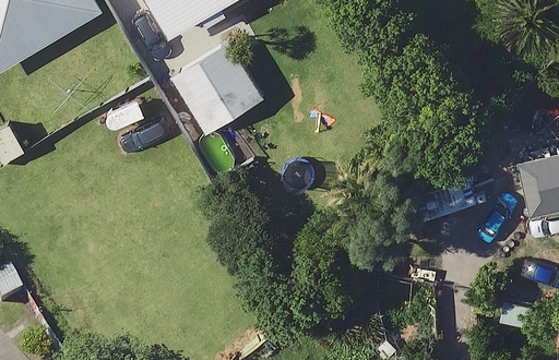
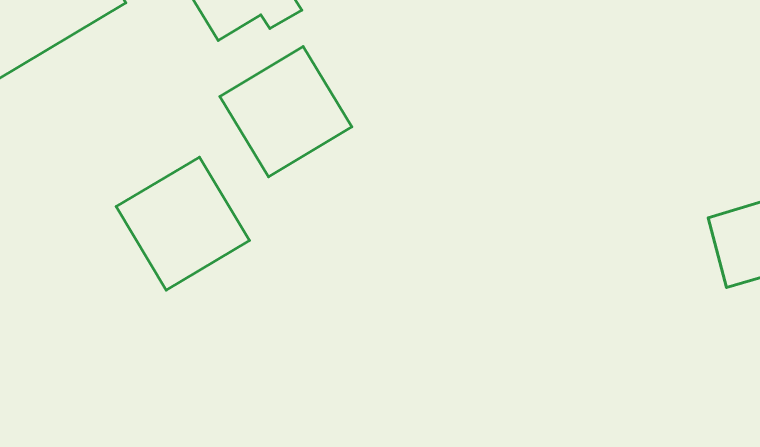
building: none -> [116,157,250,290]

